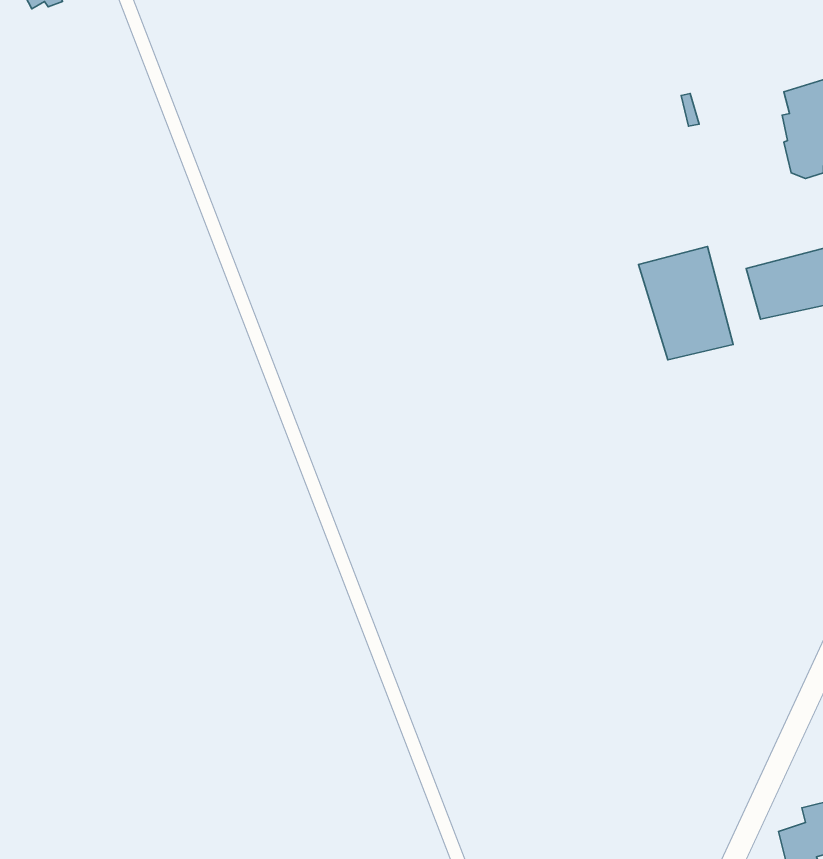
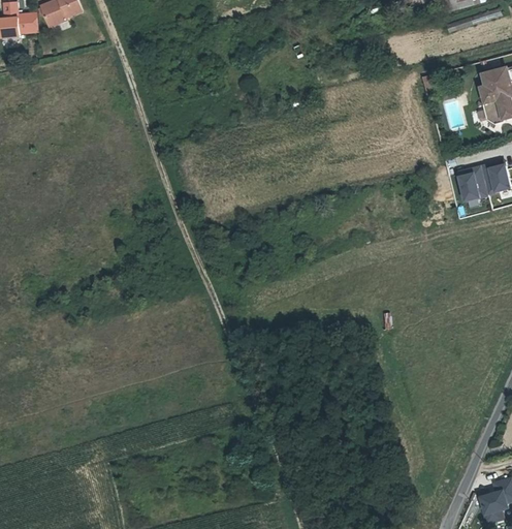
building: [638,247,733,360] -> none

